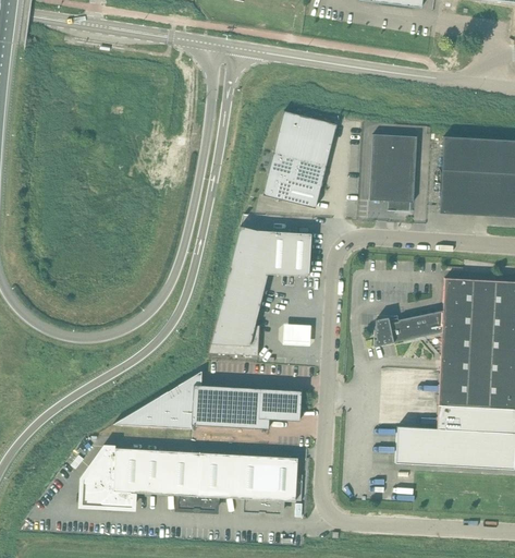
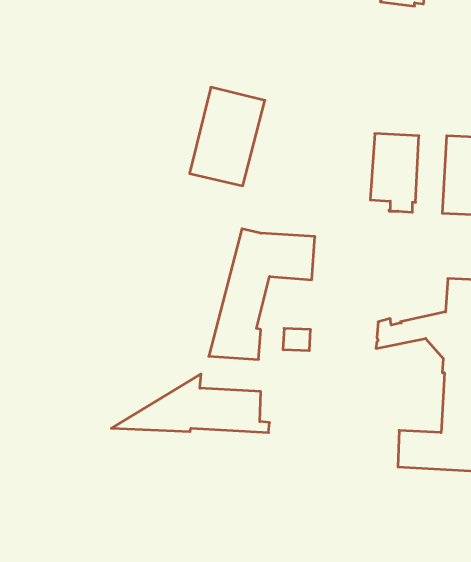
building: [262,110,336,207] -> [190,87,265,186]
building: [259,388,301,420] -> none
building: [84,447,297,512] -> none

